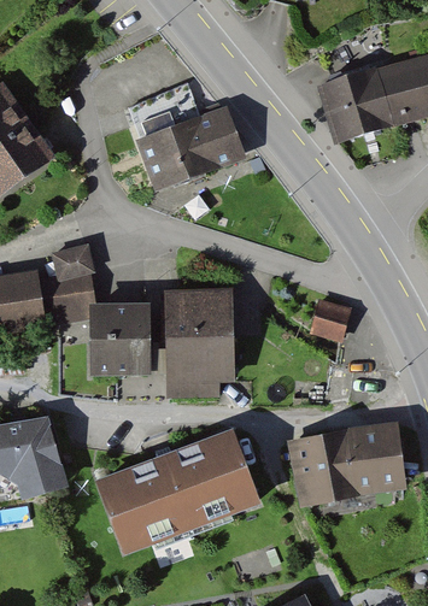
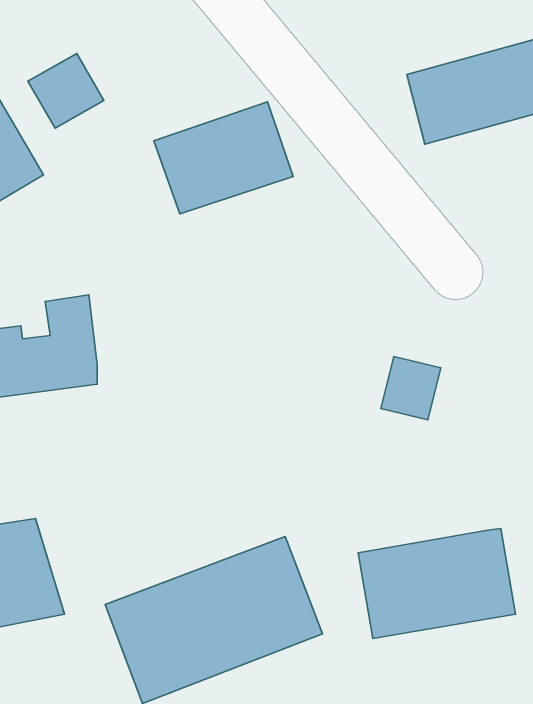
building: none -> [28,53,104,128]
building: [168,289,233,399] -> none
building: [93,302,151,369] -> none

